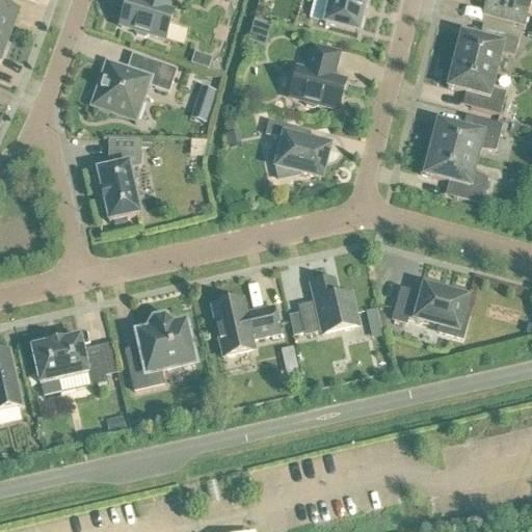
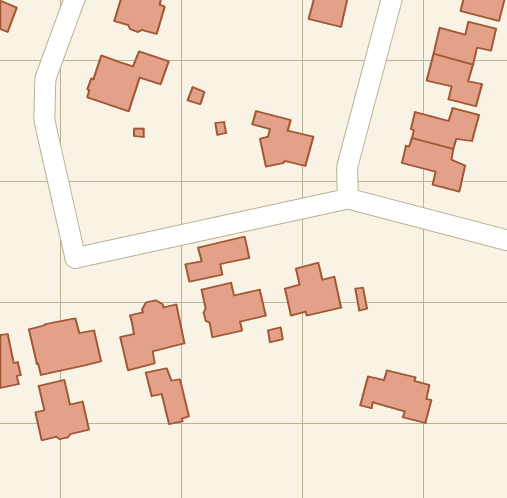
building: [289,42,345,106] -> none
building: [97,147,141,221] -> none
building: none -> [186,237,249,282]
building: [393,280,468,335] -> [360,370,431,423]
building: none -> [146,368,189,424]
building: none -> [36,380,89,440]

